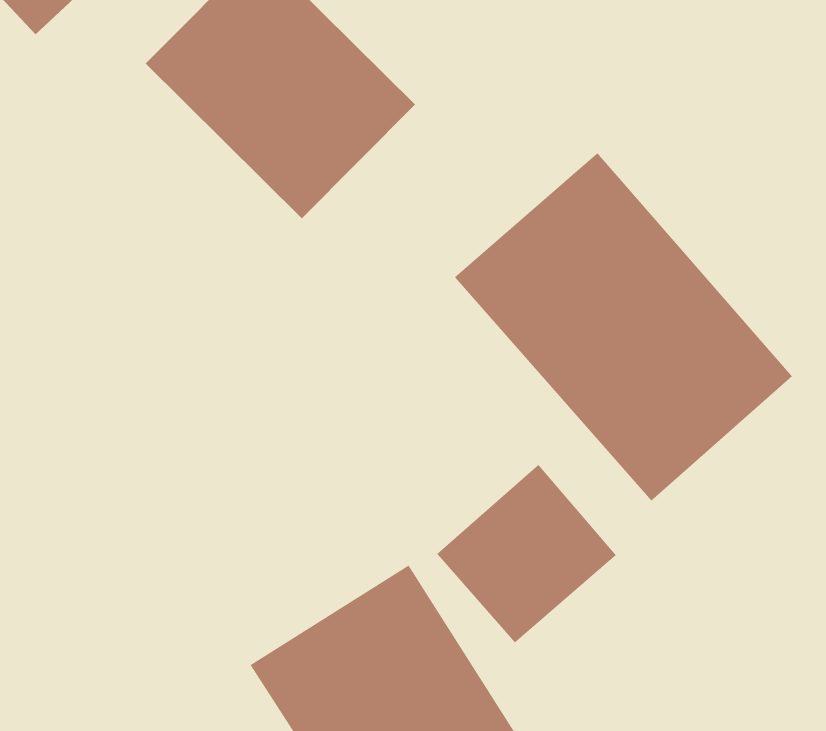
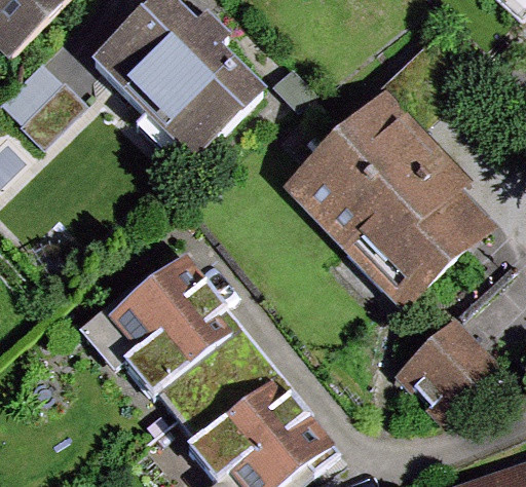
building: none -> [99,266,240,408]
building: [436,464,617,643] -> [399,315,508,424]

